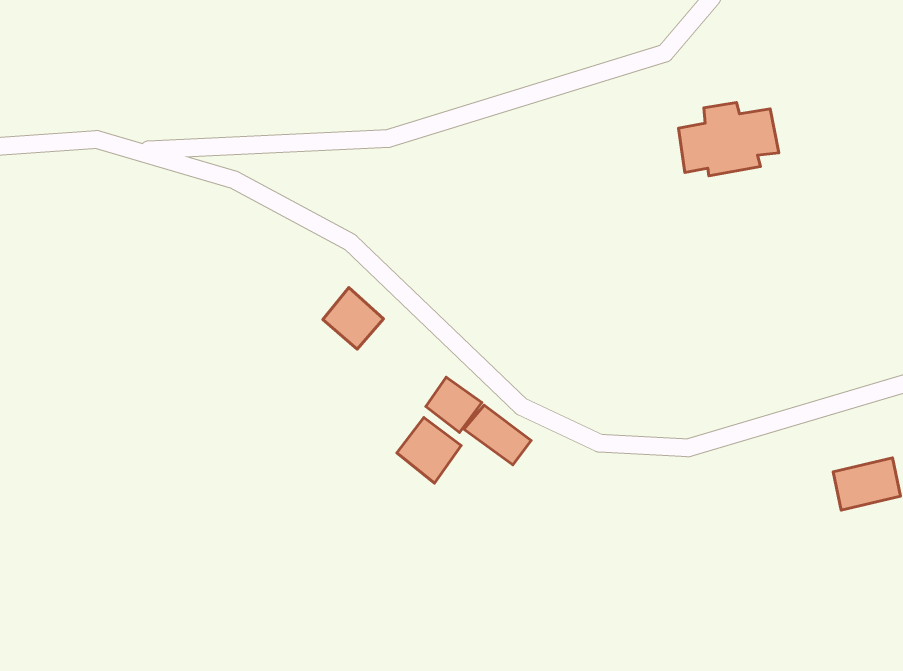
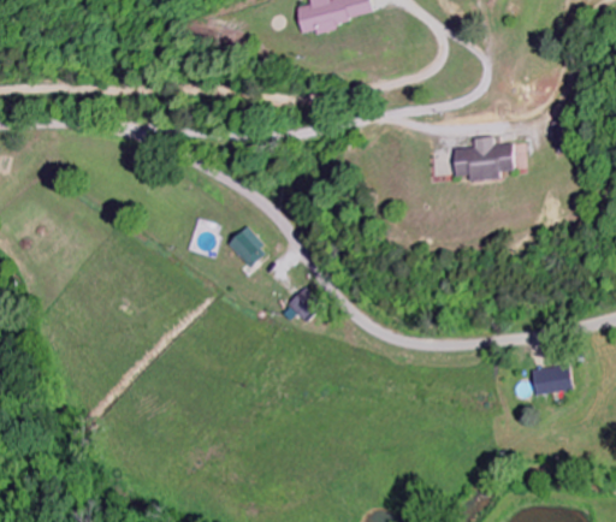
building: [464,405,531,465] -> none
building: [397,417,461,483] -> none

